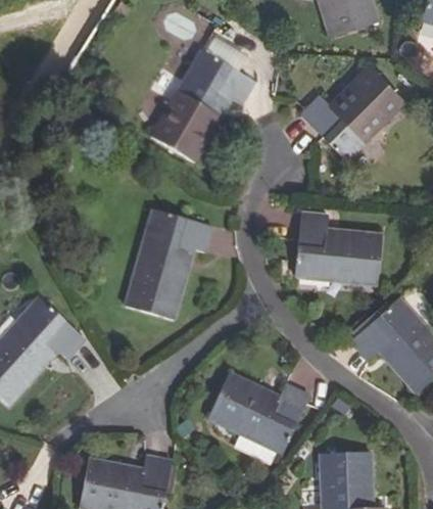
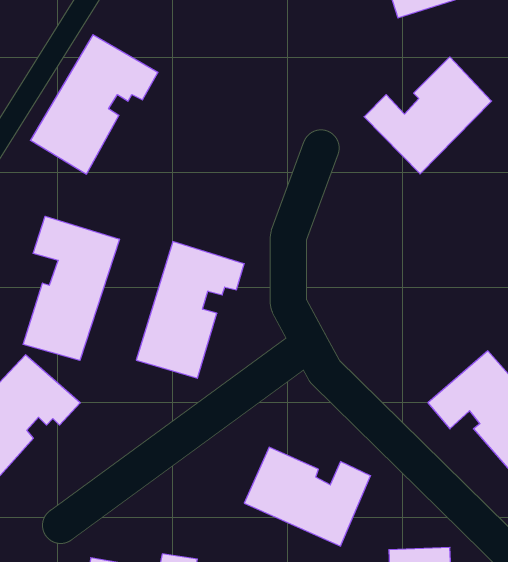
building: [152,52,252,161] -> [30,35,158,174]
building: none -> [23,216,119,360]
building: [294,213,382,283] -> none

